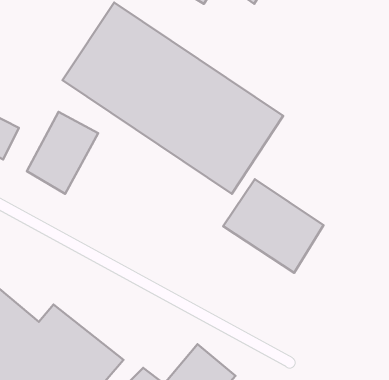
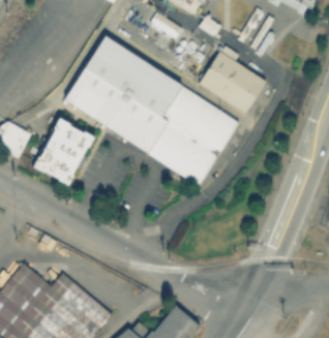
building: none -> [200,52,265,113]
building: [223,179,323,273] -> none

